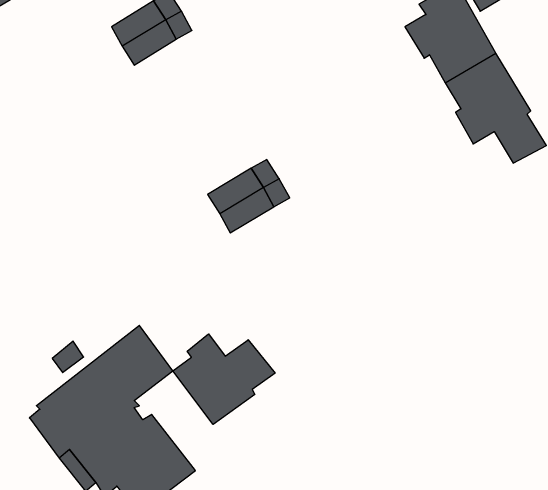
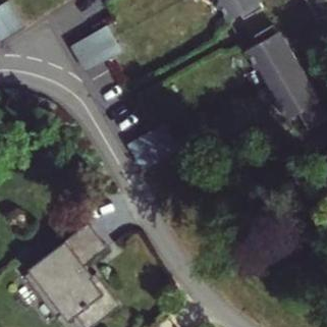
building: [173,334,275,424] -> none

